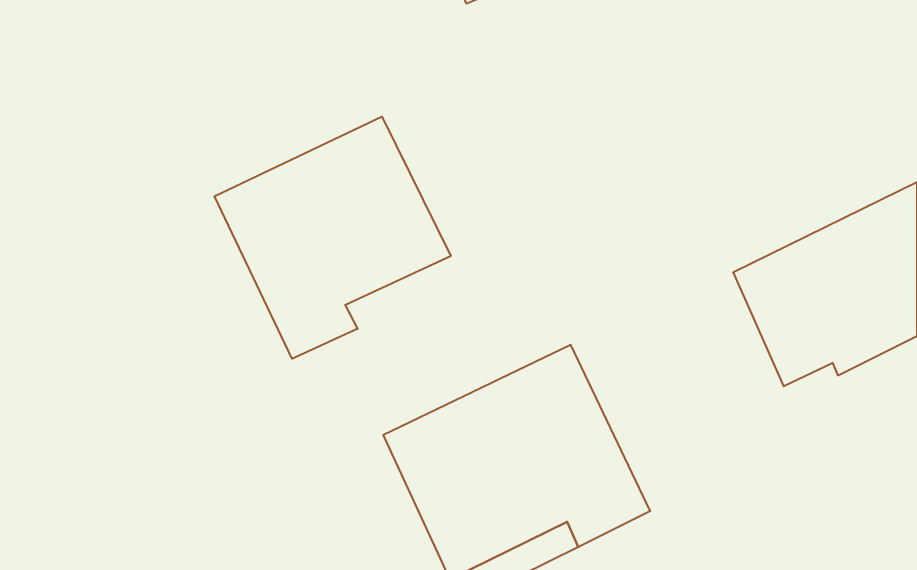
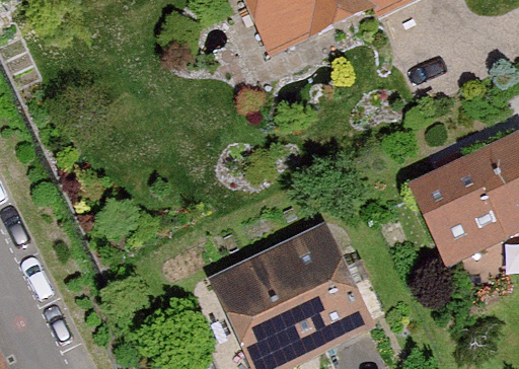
building: [214,117,451,359] -> none

